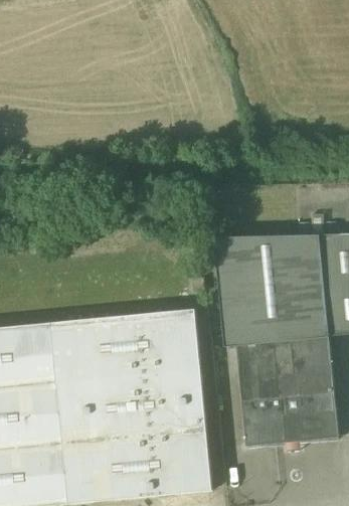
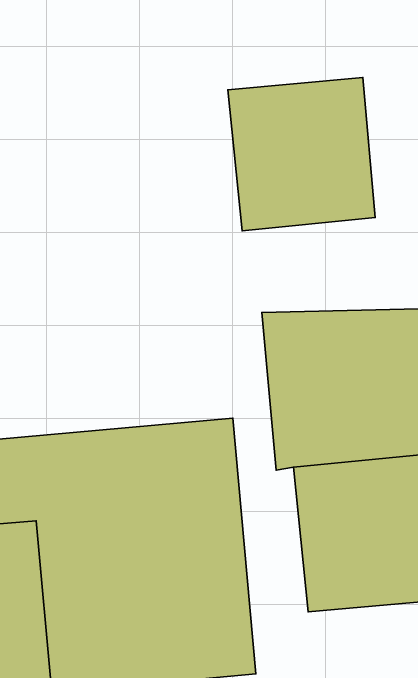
building: none -> [228,77,375,231]

